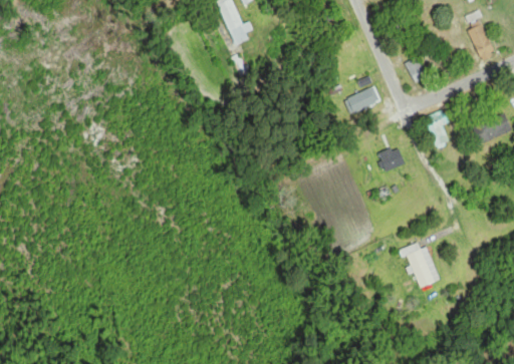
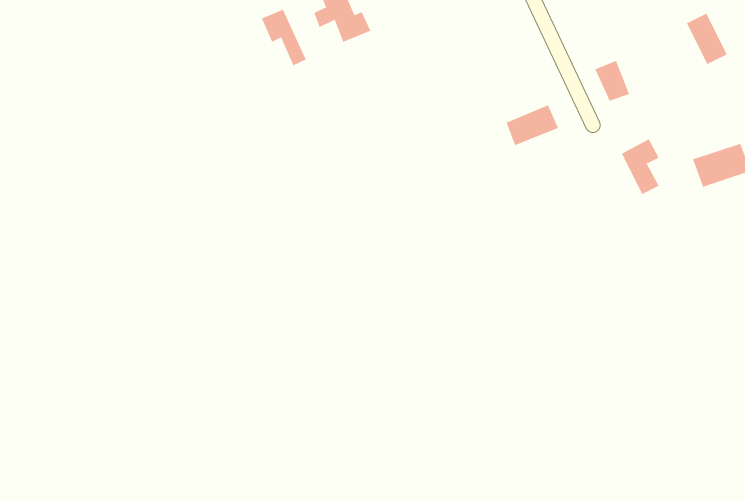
building: none -> [261,9,307,66]
building: [378,146,406,171] -> none
building: [403,243,441,289] -> none

